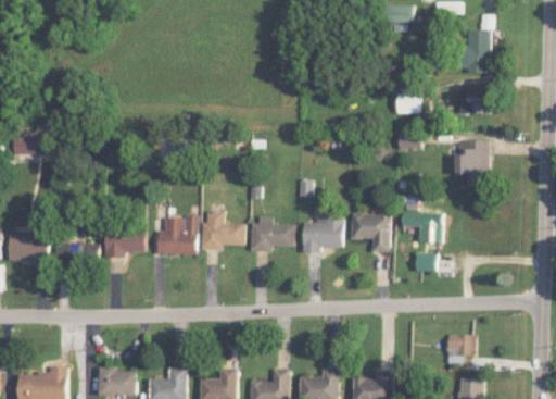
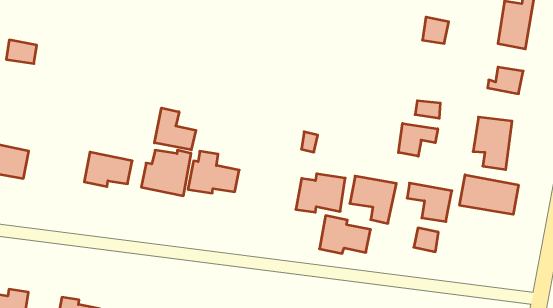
building: [397,91,419,113] -> [422,17,449,43]
building: none -> [398,123,438,156]
building: none -> [154,108,196,150]
building: none -> [460,175,518,214]
building: [250,219,294,251] -> [319,216,371,253]
building: [54,244,98,265] -> none

